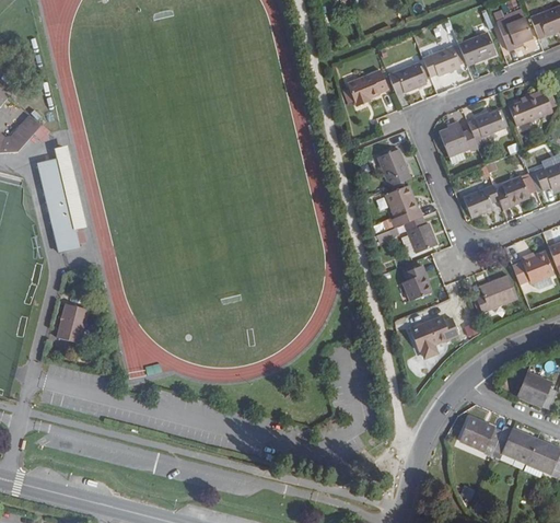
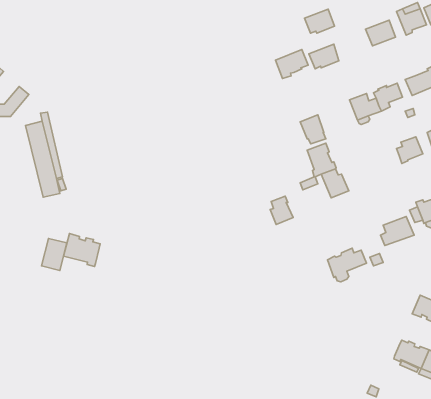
building: [422,46,459,75] -> [304,9,334,33]
building: [463,185,500,218] -> none
building: [404,266,432,301] -> [270,196,293,225]
building: none -> [64,234,100,266]
building: [460,418,501,450] -> none

